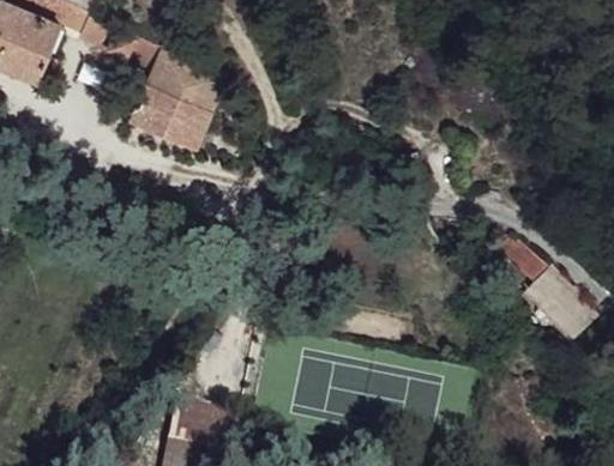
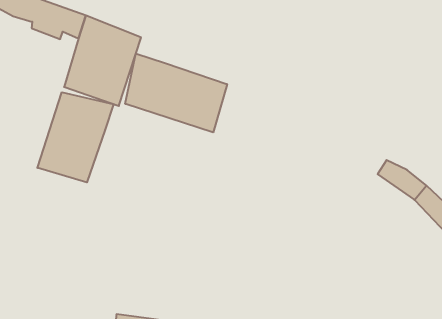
building: none -> [125,54,227,132]
building: none -> [37,92,113,182]

